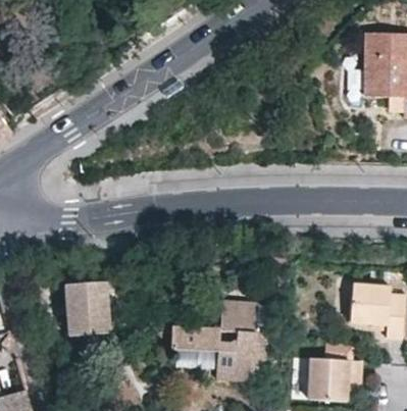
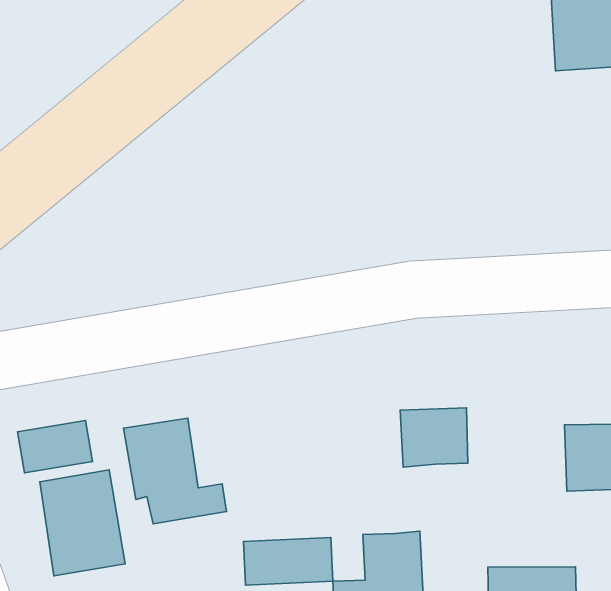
building: none -> [18,420,92,473]
building: none -> [124,418,227,524]
building: [219,301,256,332] -> [400,408,468,467]

